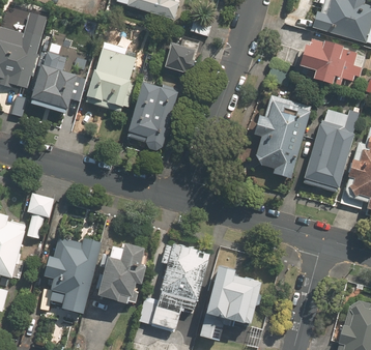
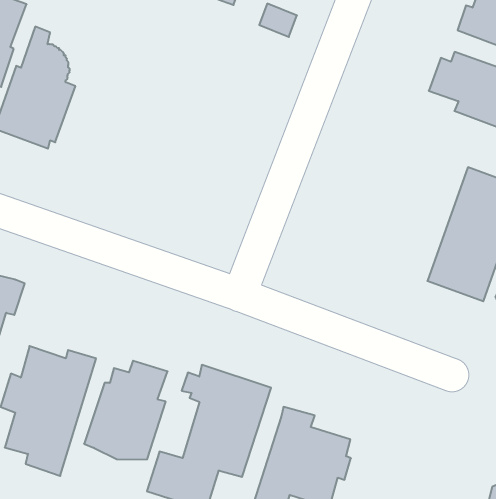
building: [83,38,138,111] -> none
building: [165,41,196,72] -> none
building: [126,79,180,150] -> none
building: [252,95,311,178] -> none

